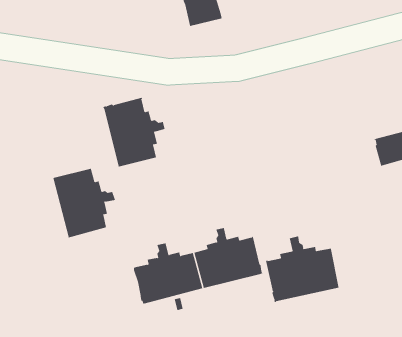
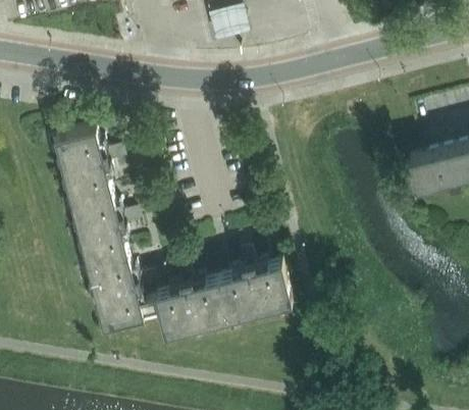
building: [102,97,166,167] -> [53,130,119,203]
building: none -> [86,255,158,329]
building: [266,235,339,303] -> none

